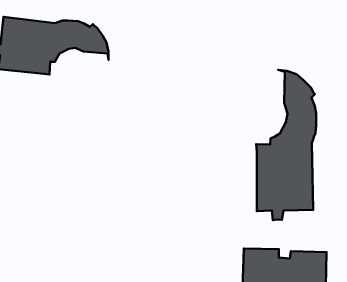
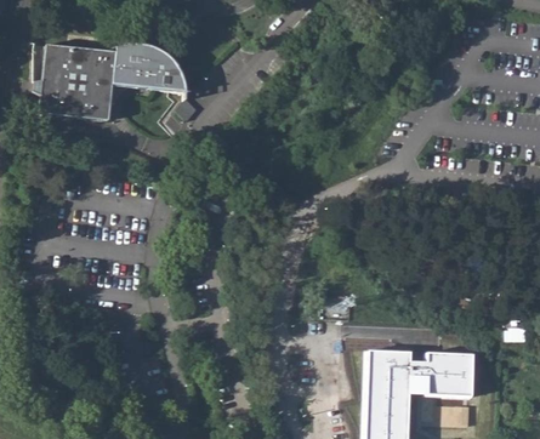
building: [256,70,316,220] -> none

